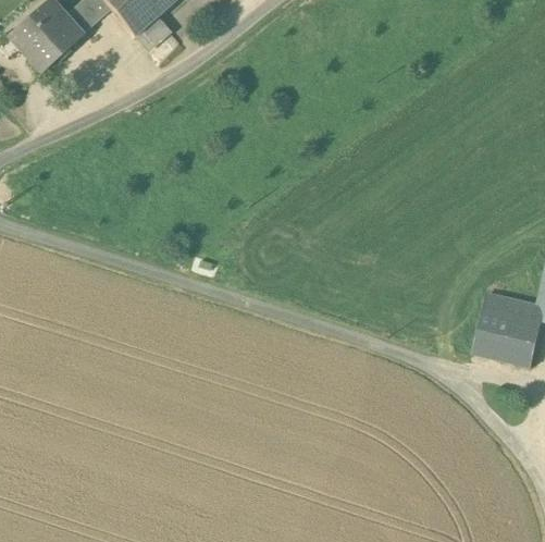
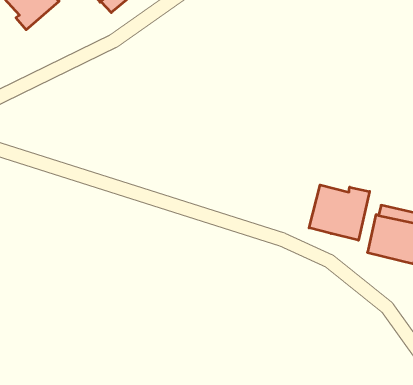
building: none -> [309,185,370,240]

